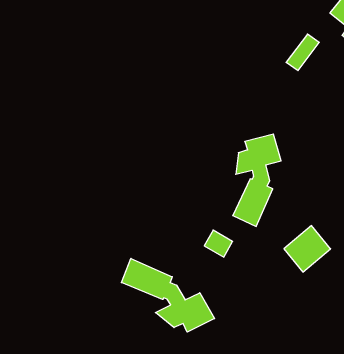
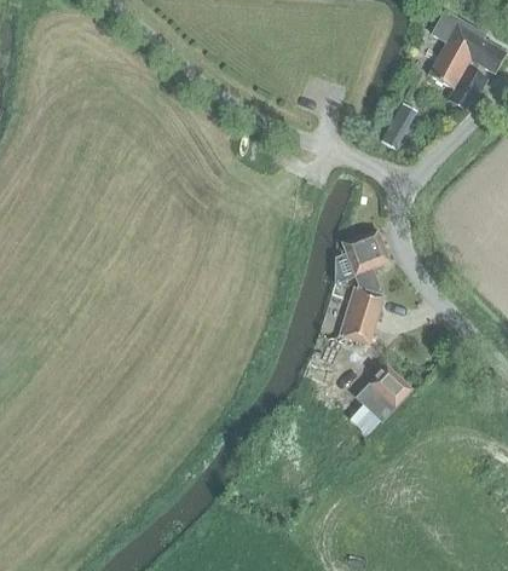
building: [284,226,331,272] -> [354,365,411,423]
building: [121,258,215,332] -> none

